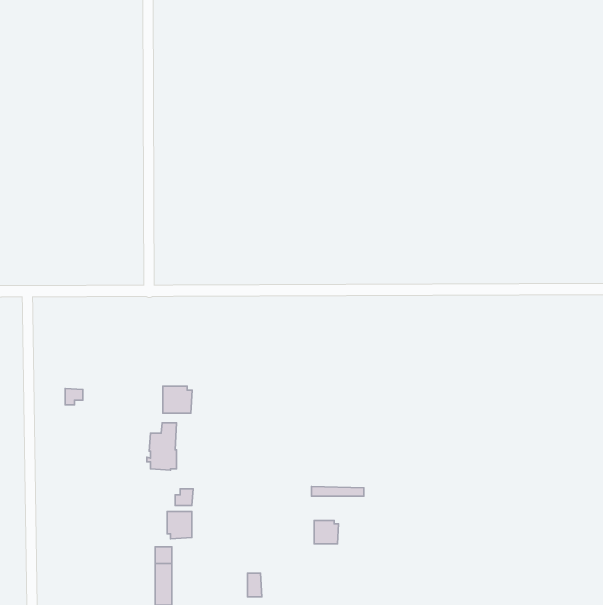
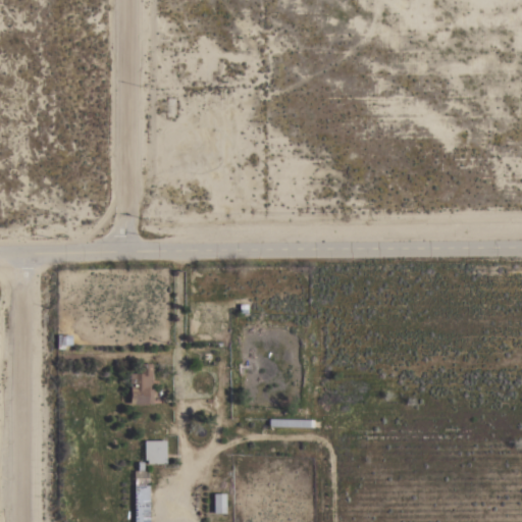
building: [163,386,192,413] -> none
building: [314,521,338,544] -> none

